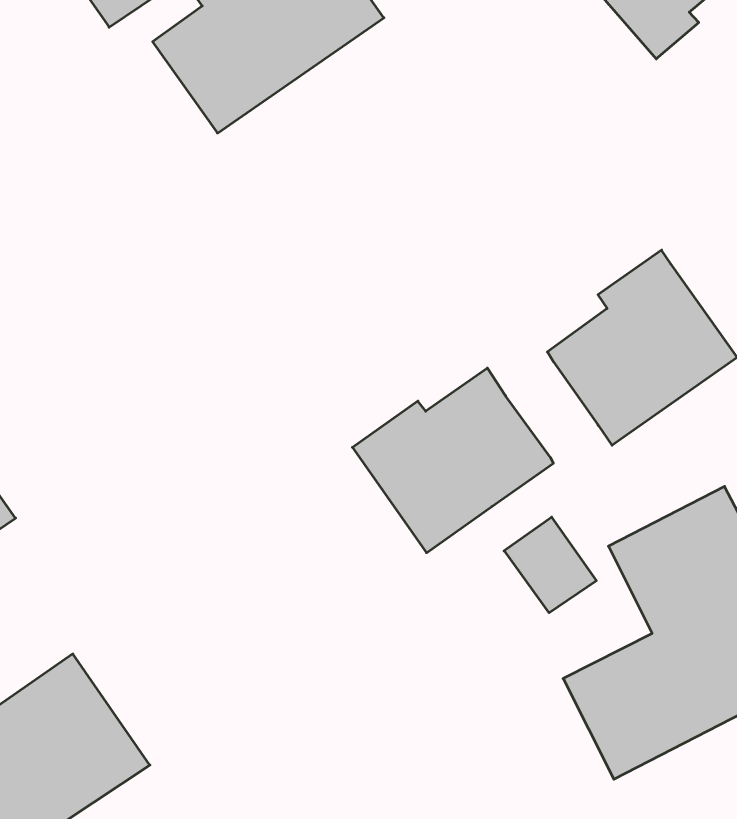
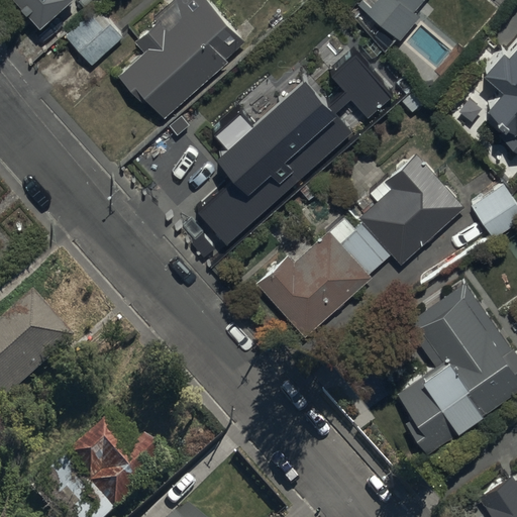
building: none -> [197,51,394,243]
building: [504,517,596,613] -> [339,223,393,277]

